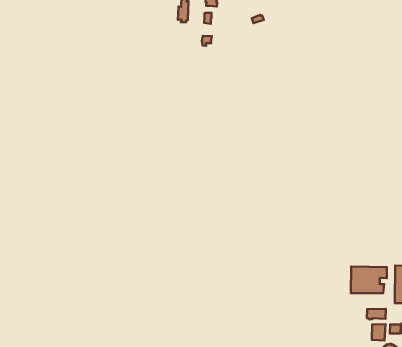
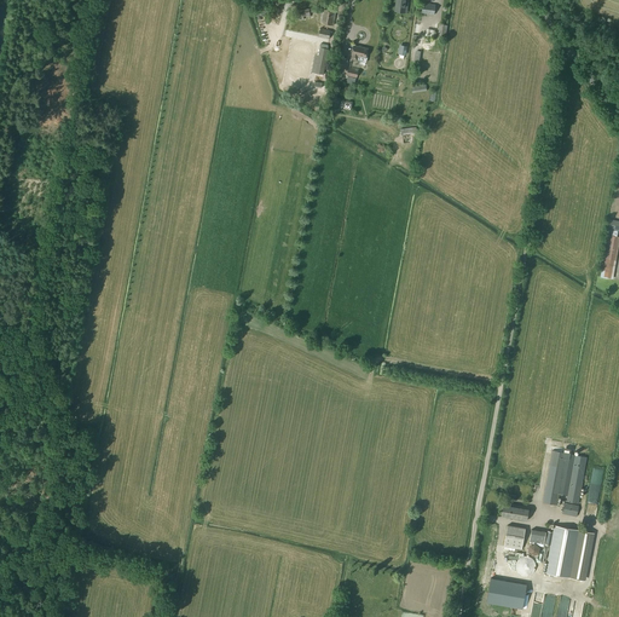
building: [351,266,387,293] -> none

